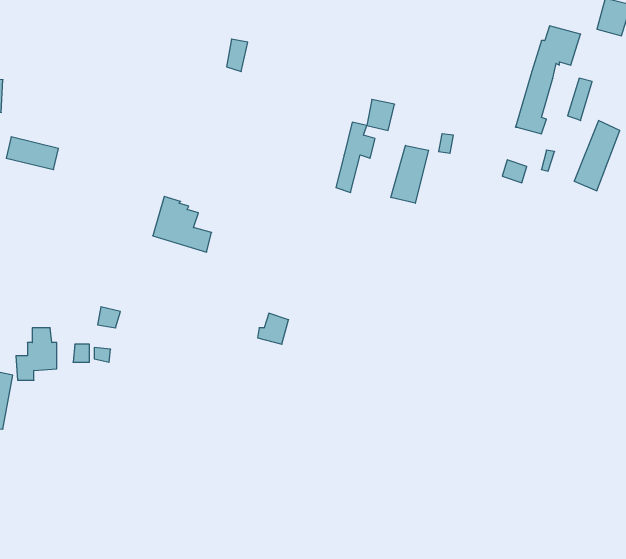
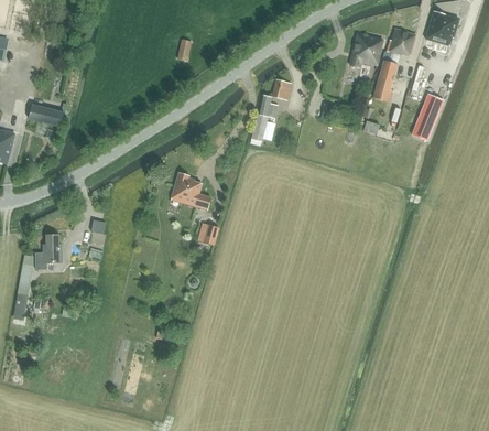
building: none -> [348,33,381,67]
building: [391,145,429,203] -> none
building: [153,196,212,252] -> [170,172,209,209]

